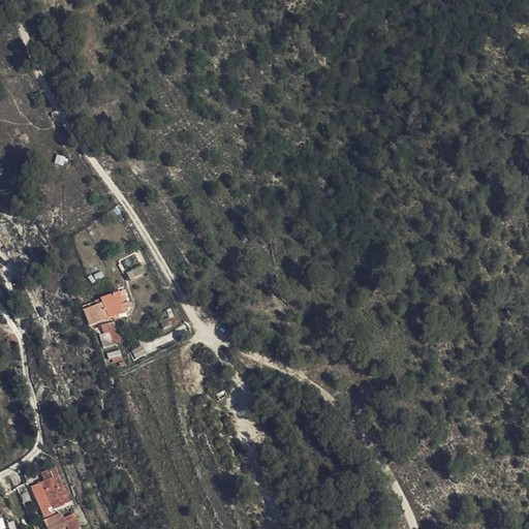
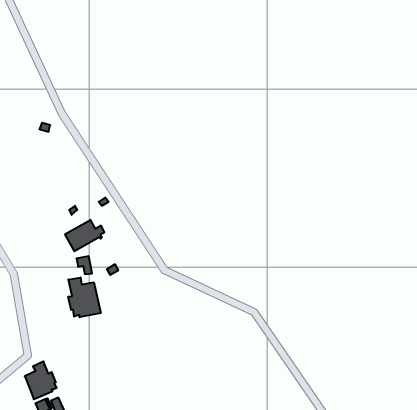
building: none -> [68,277,101,317]

